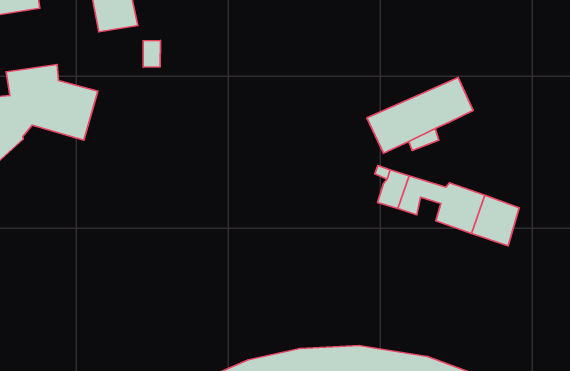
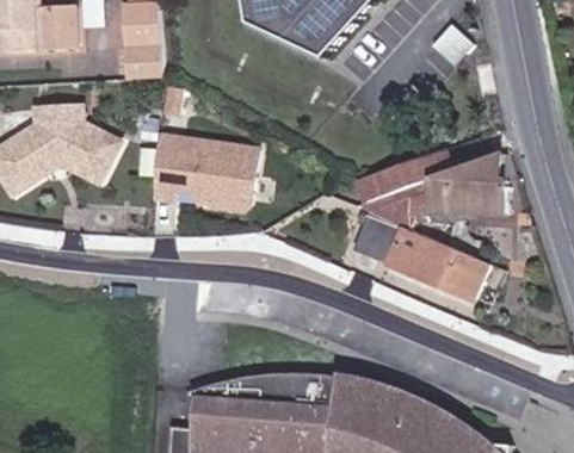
building: none -> [432,161,516,215]
building: none -> [154,132,258,199]

